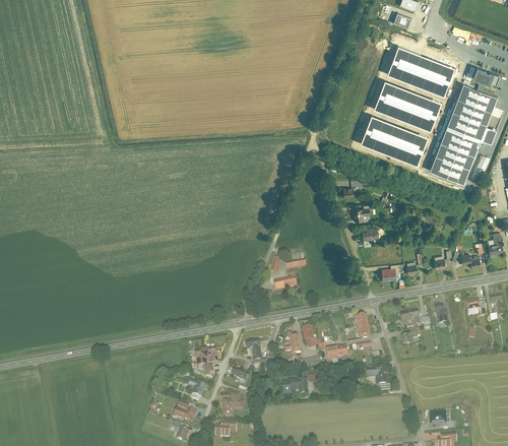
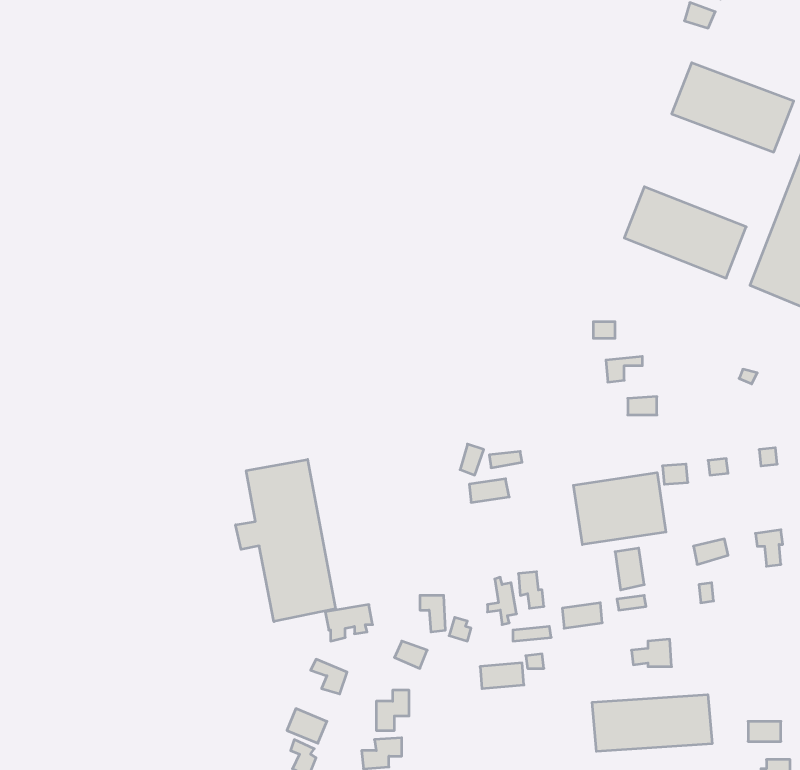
building: [374,78,442,129] -> none
building: none -> [236,459,336,622]
building: none -> [573,473,666,545]
building: none -> [592,695,712,751]

